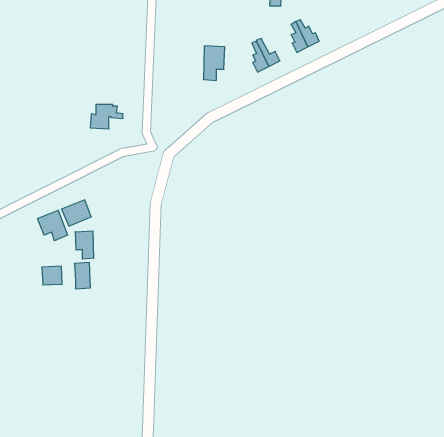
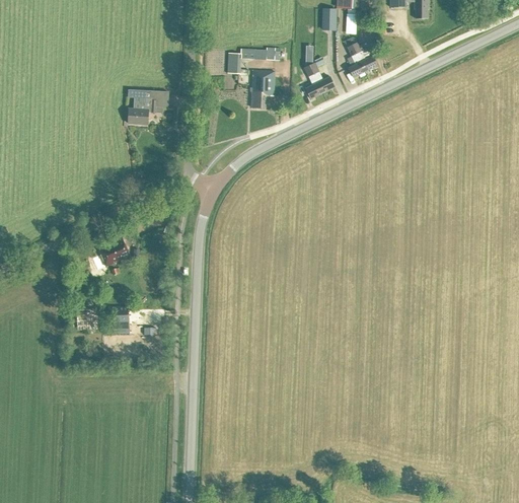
building: none -> [227,48,279,73]
building: [90,104,123,129] -> [127,97,162,124]
building: [37,210,68,241] -> none
building: [75,231,94,259] -> none

